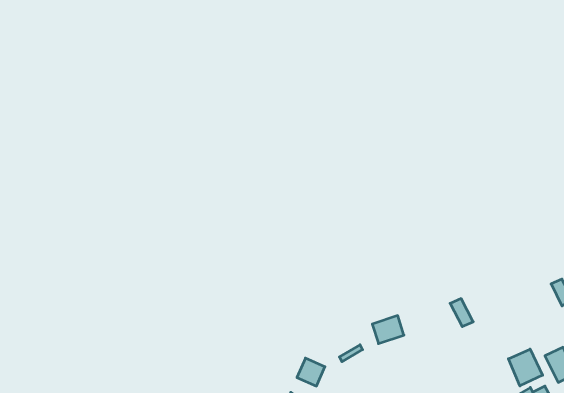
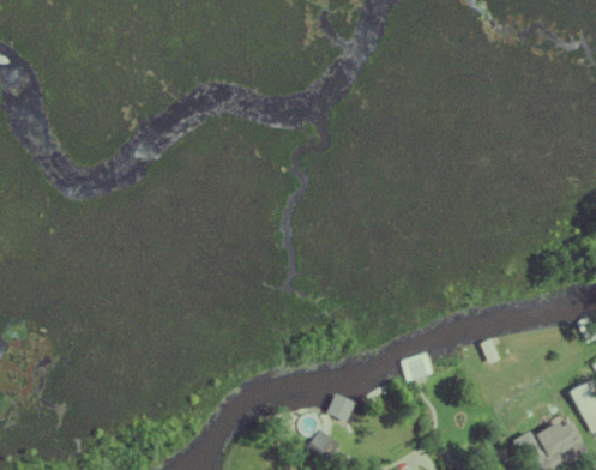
building: [508,349,543,386] -> none

